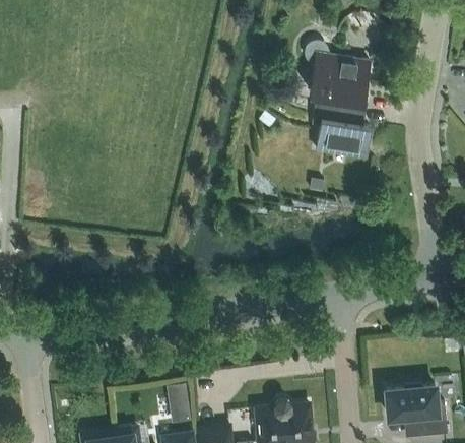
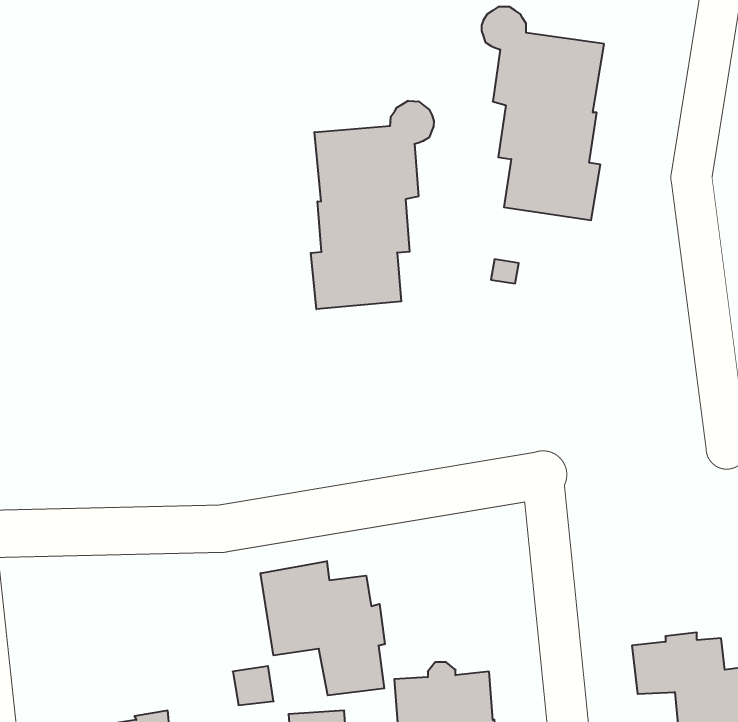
building: none -> [311,101,434,309]
building: none -> [261,561,385,695]

